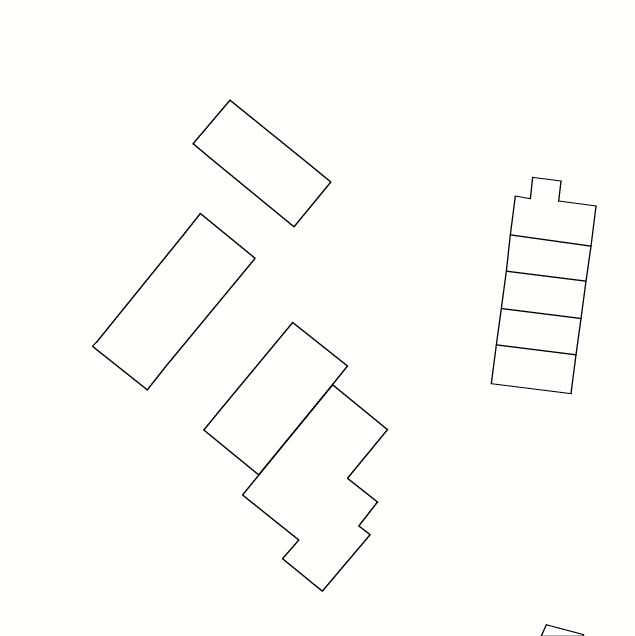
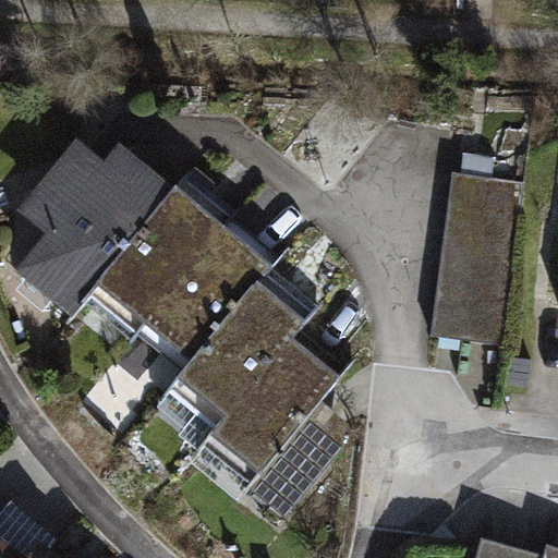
building: [193,100,331,227] -> none
building: none -> [31,157,161,299]
building: none -> [145,226,269,357]

